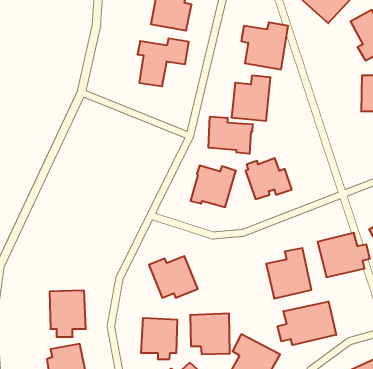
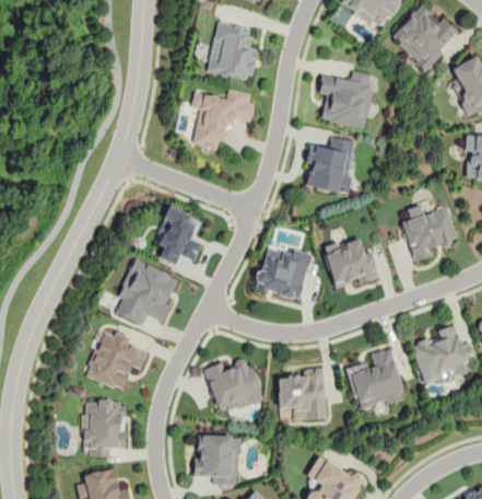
building: [208,117,253,154] -> none
building: none -> [401,202,460,259]
building: none -> [153,205,202,265]
building: none -> [113,259,180,325]
building: none -> [87,333,149,391]
building: [277,301,336,345] -> none
building: [190,313,230,354] -> [278,370,327,420]

